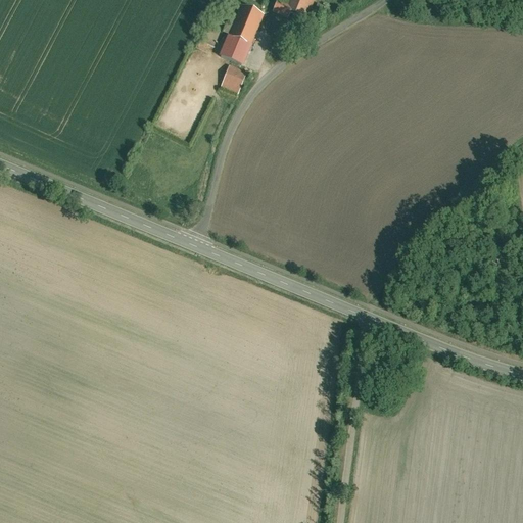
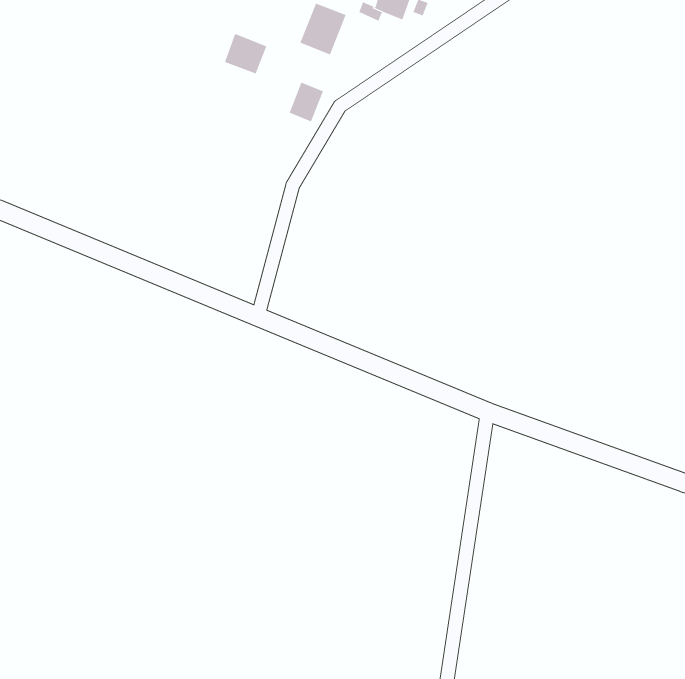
building: [219,32,251,63] -> [224,33,267,74]

